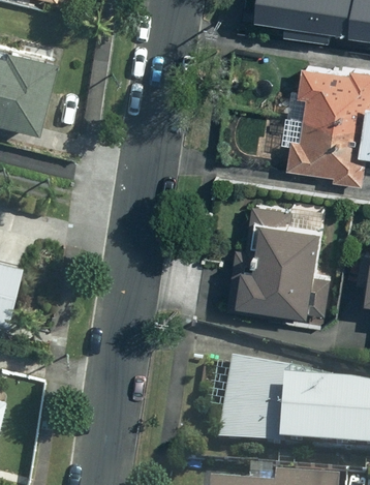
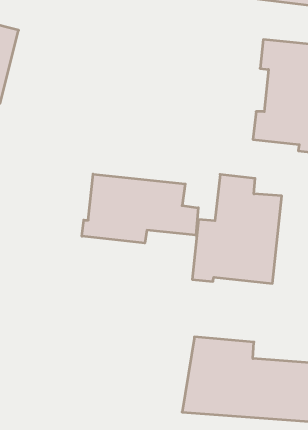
building: none -> [82,174,198,243]

